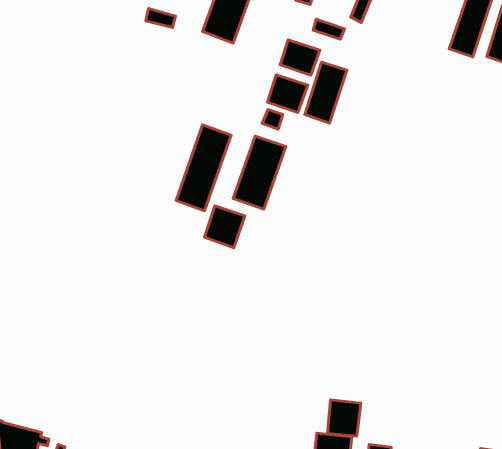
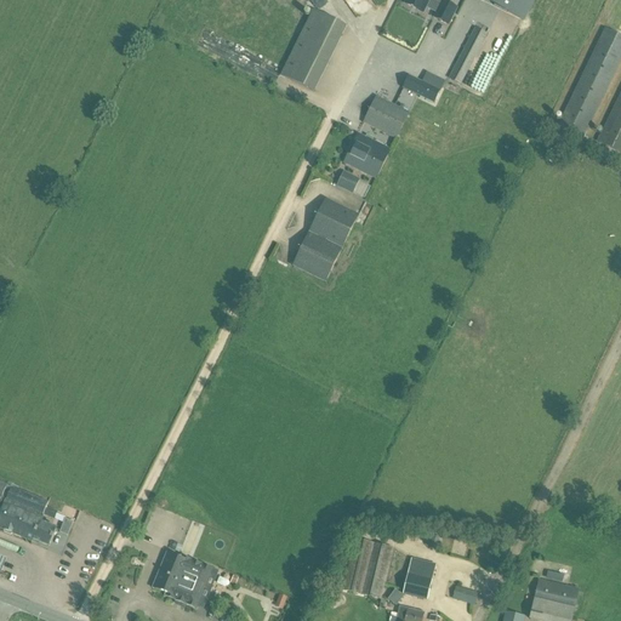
building: [305,62,347,123] -> none
building: [176,125,231,211] -> none
building: [204,206,245,248] -> none
building: [327,400,361,436] -> none

